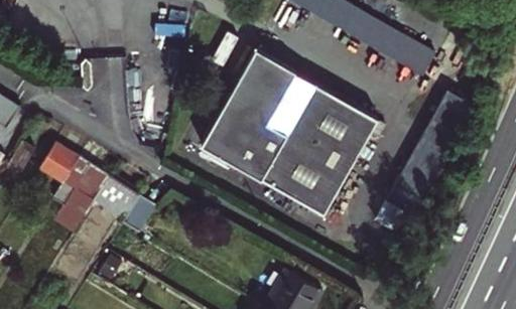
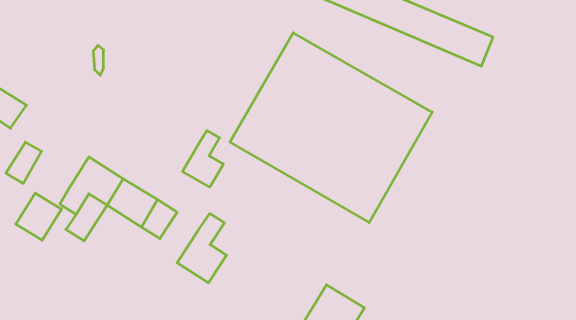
building: [375,89,476,229] -> none
building: none -> [183,131,223,187]
building: [38,143,79,184] -> [16,193,62,240]
building: none -> [177,214,227,283]

